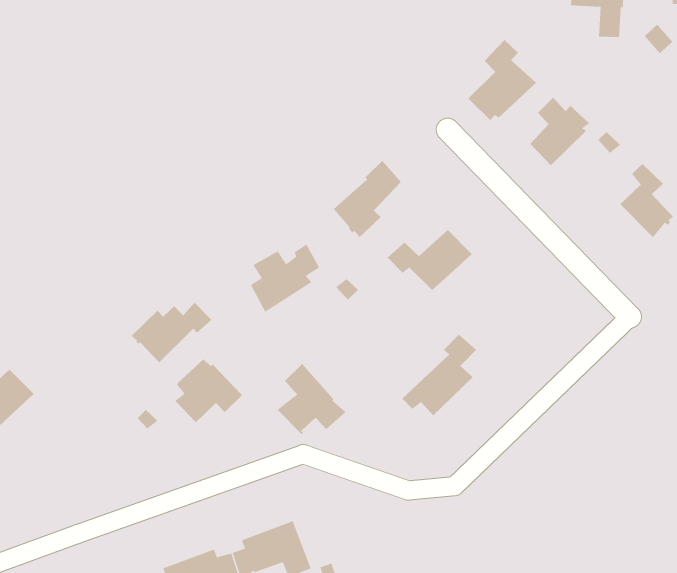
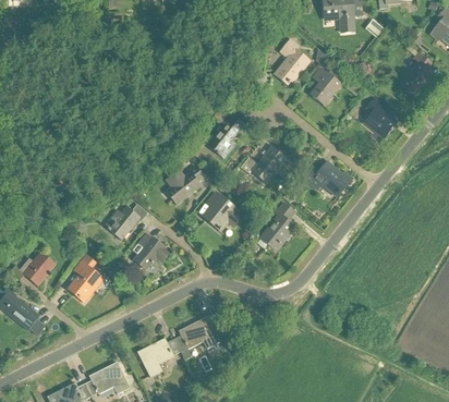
building: none -> [305,161,352,195]
building: [277,363,346,435] -> [205,190,243,229]
building: none -> [69,255,102,301]

